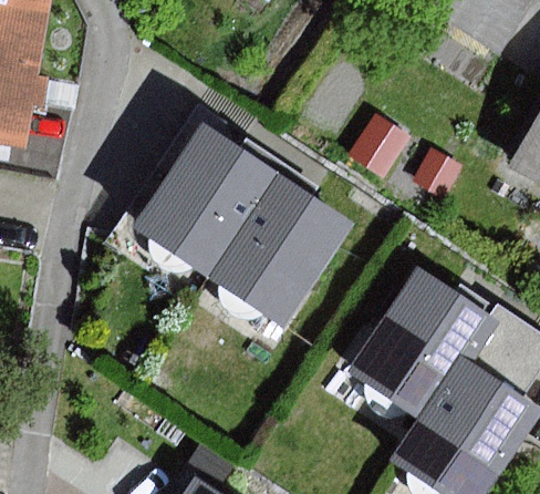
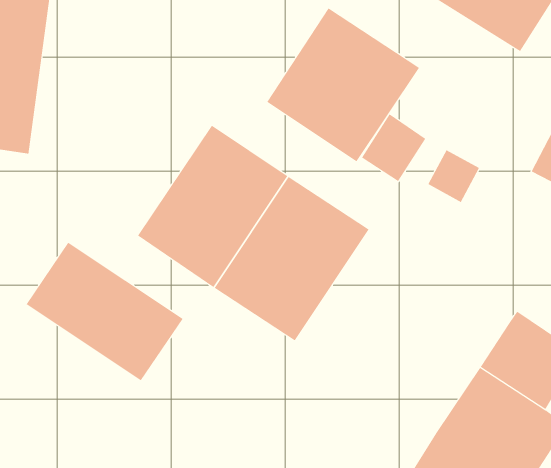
building: none -> [266,8,420,162]
building: none -> [26,242,183,381]
building: [349,266,487,415] -> none

